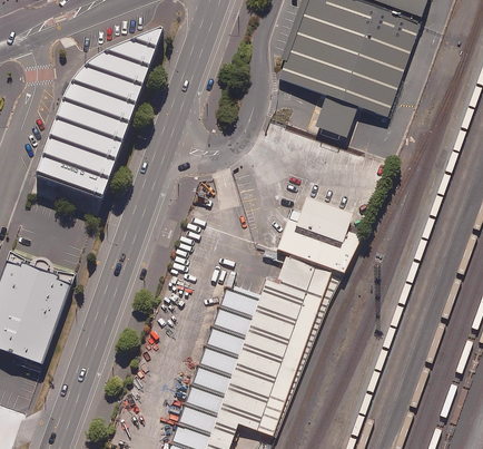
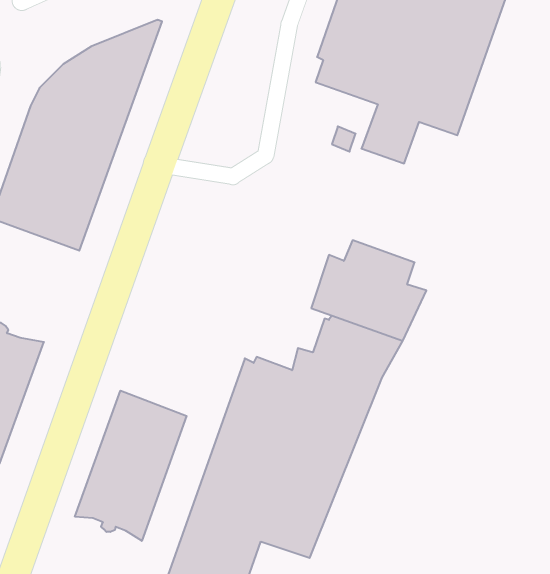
building: none -> [75,391,187,541]

